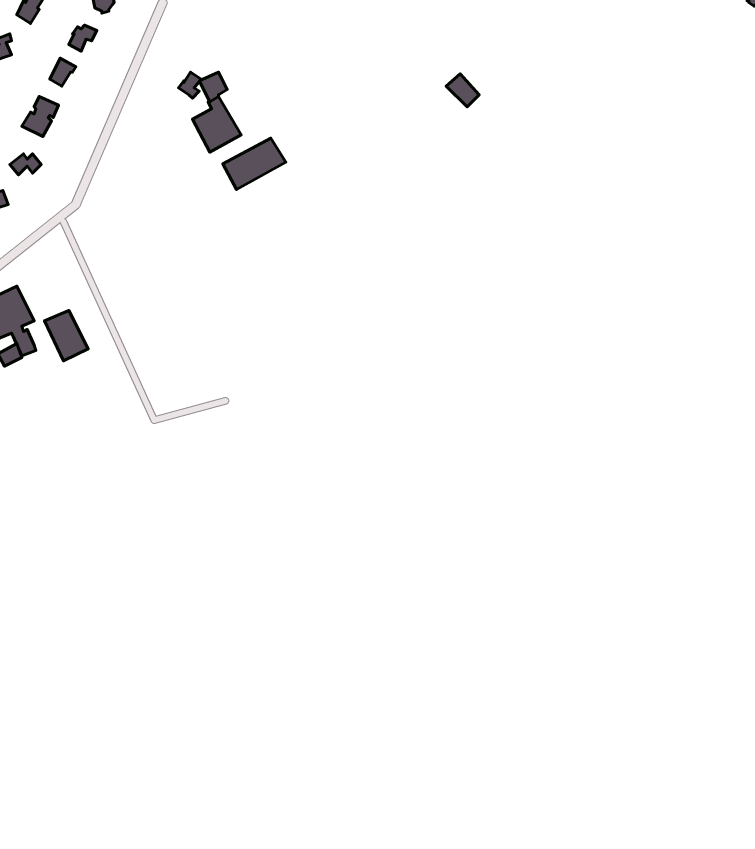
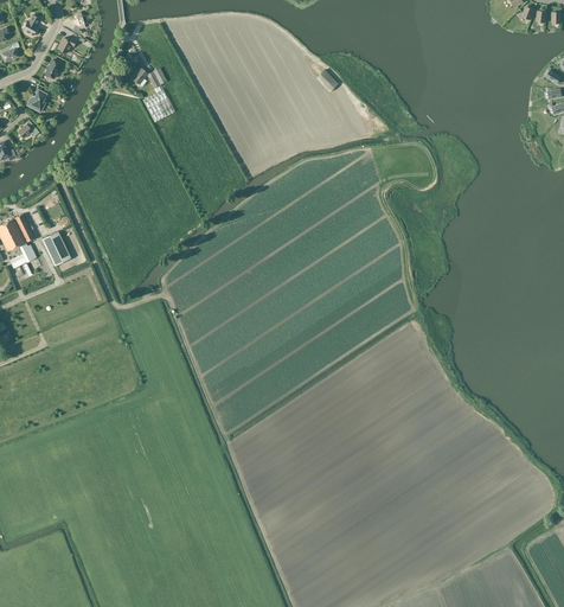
building: [223,138,286,190] -> none

